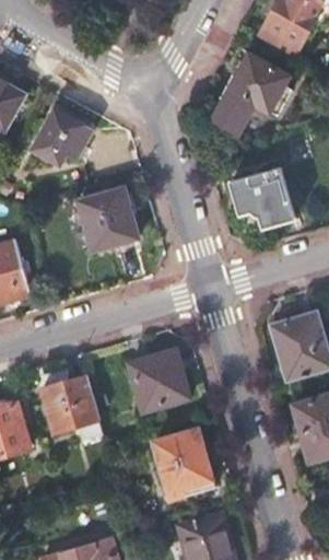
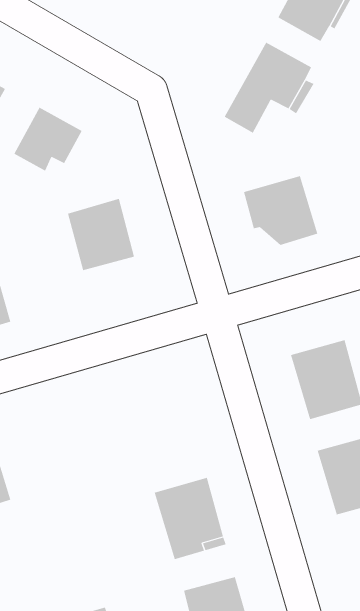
building: [128,349,188,411] -> none
building: [40,375,98,432] -> none

